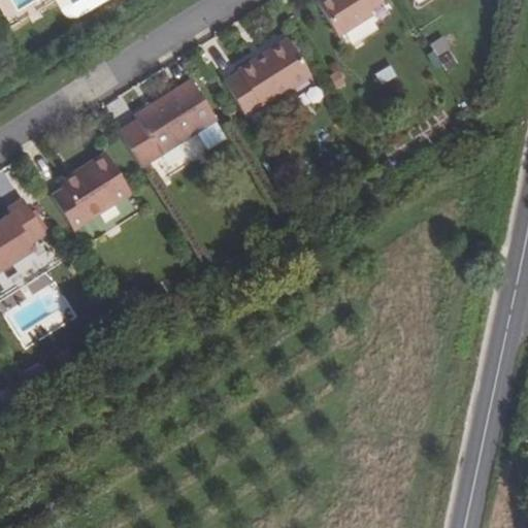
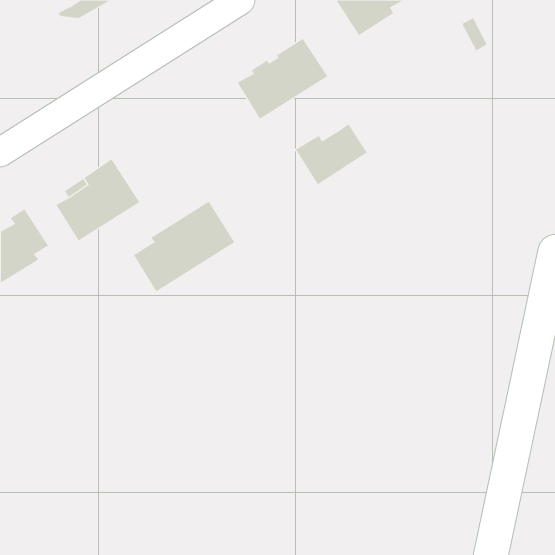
building: [120,78,217,165] -> [133,201,235,292]
building: none -> [295,124,367,185]

